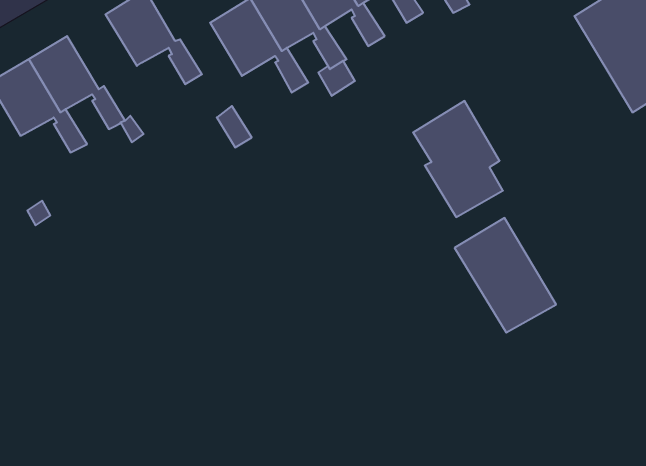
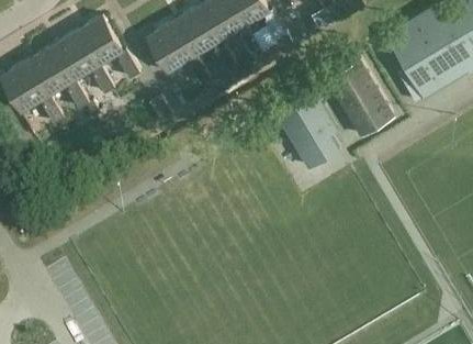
building: none -> [50,33,114,95]
building: [455,218,556,333] -> [326,59,393,135]

